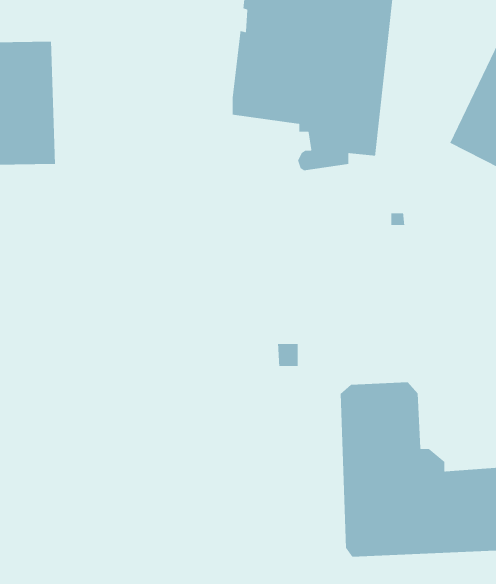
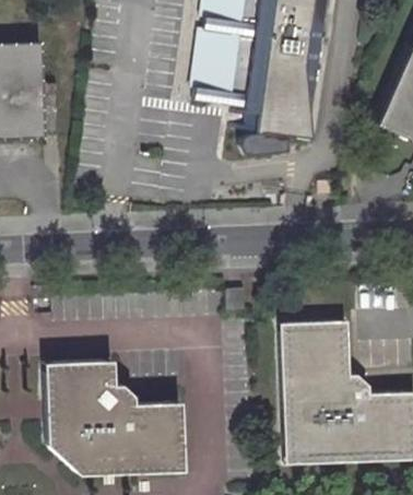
building: none -> [45,357,186,471]

